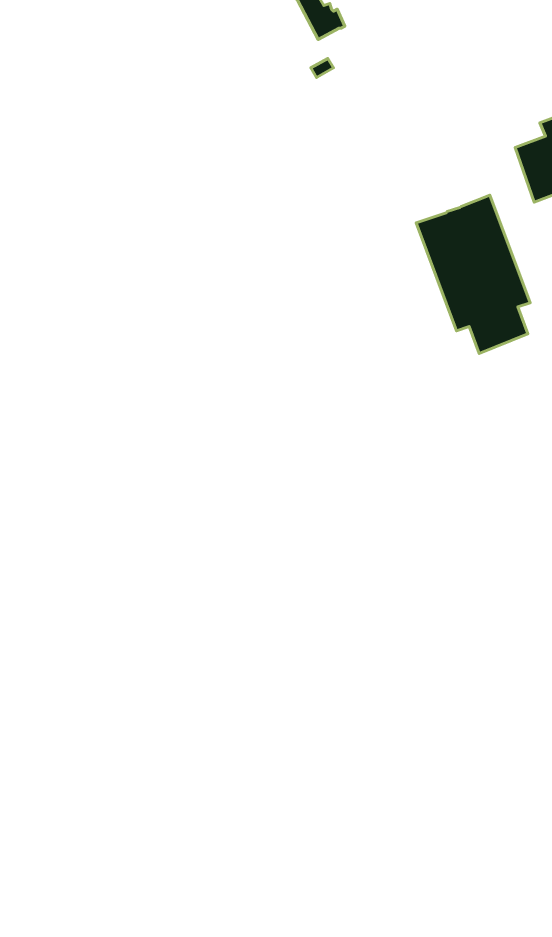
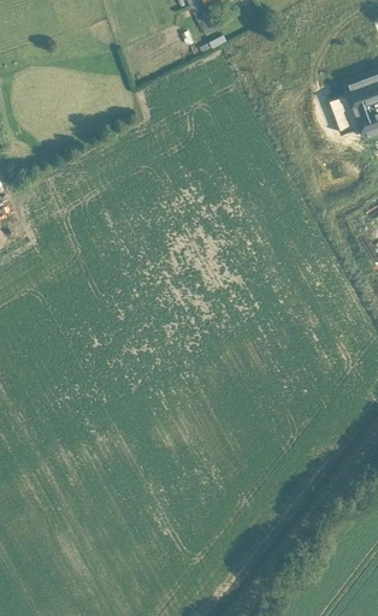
building: [416,195,530,354] -> none

